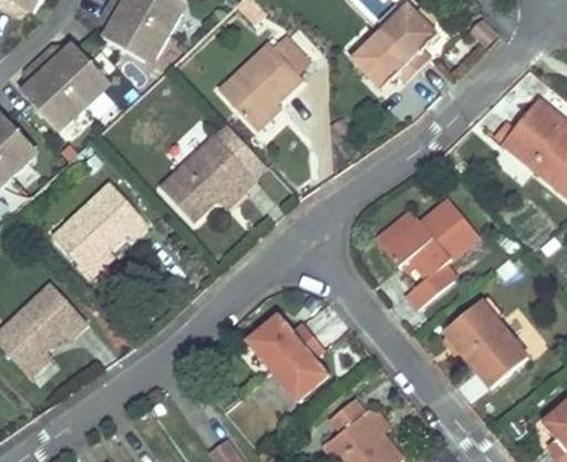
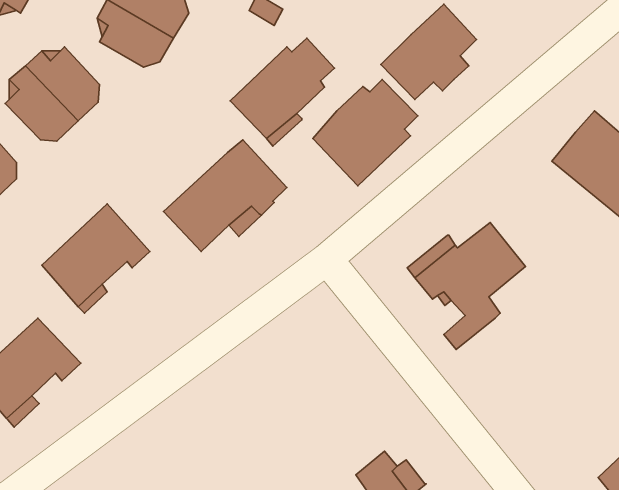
building: none -> [313,79,418,186]
building: [444,300,527,387] -> none
building: [247,314,330,402] -> none

